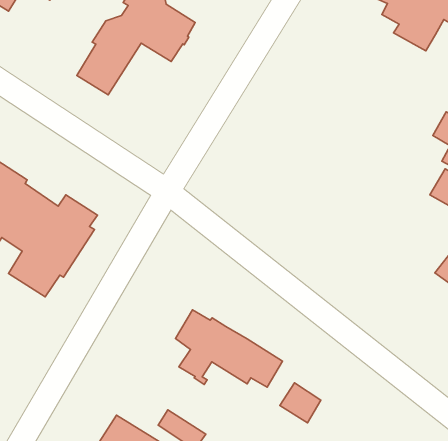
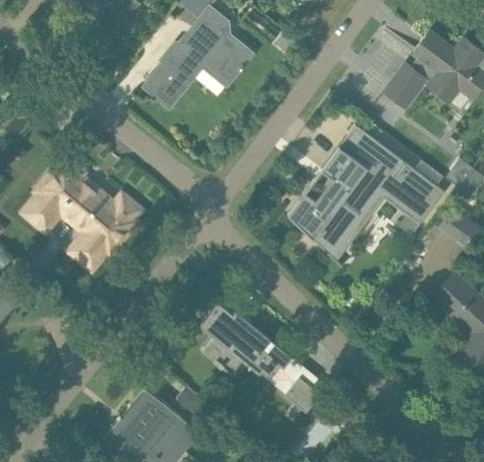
building: none -> [380,58,428,107]
building: none -> [287,123,444,267]

